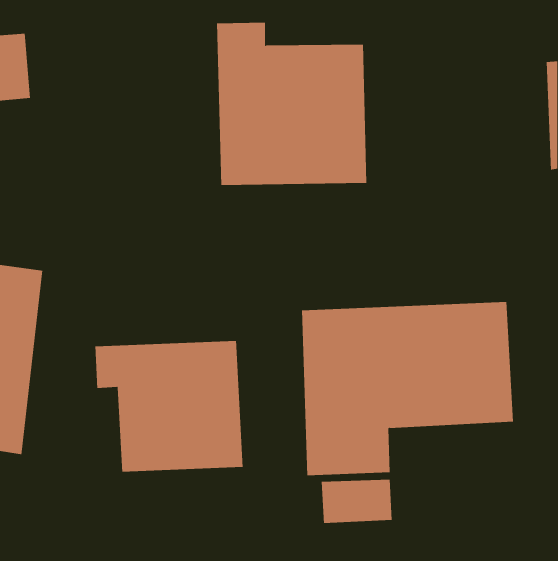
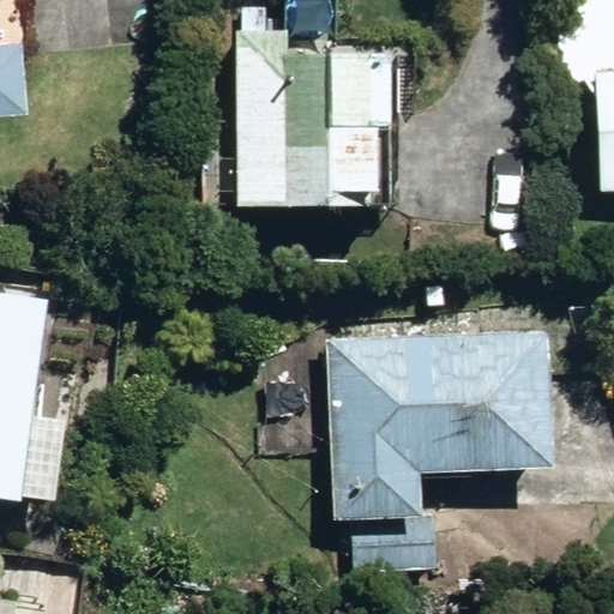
building: [95,340,243,473] -> none

